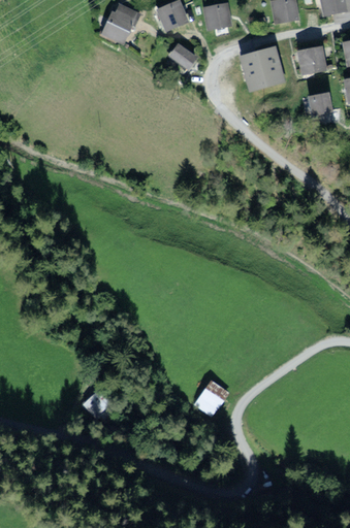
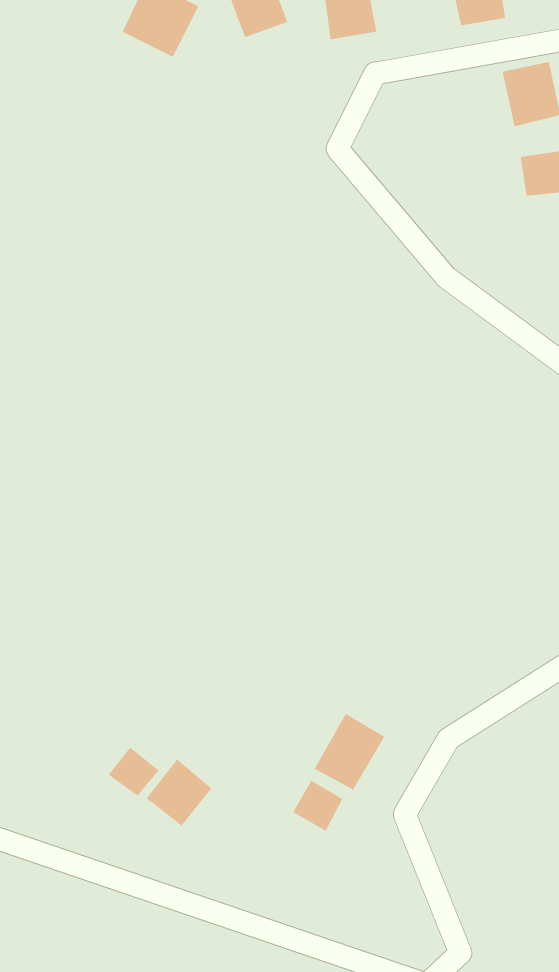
building: [165,39,196,68] -> none
building: [238,45,282,91] -> none
building: none -> [146,759,212,827]
building: none -> [292,780,343,832]

